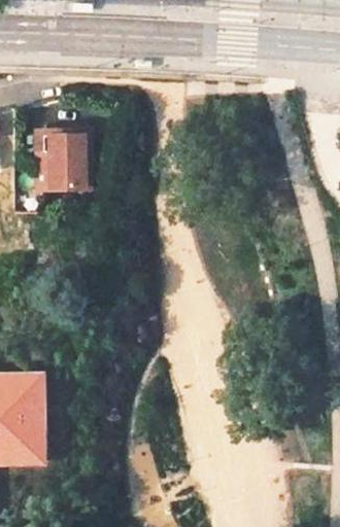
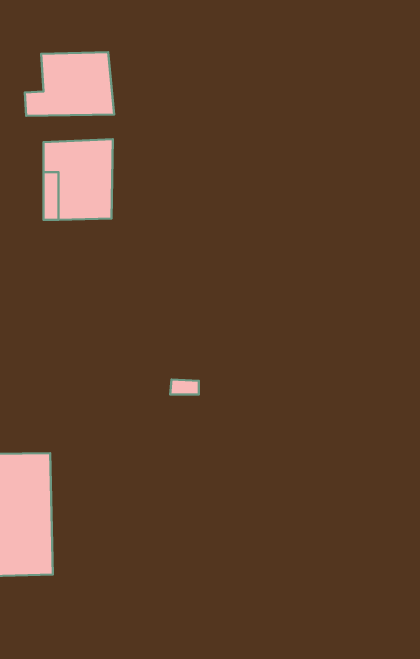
building: none -> [25,52,114,116]

